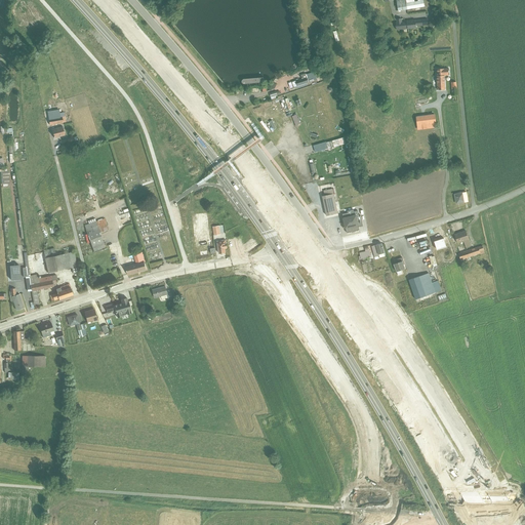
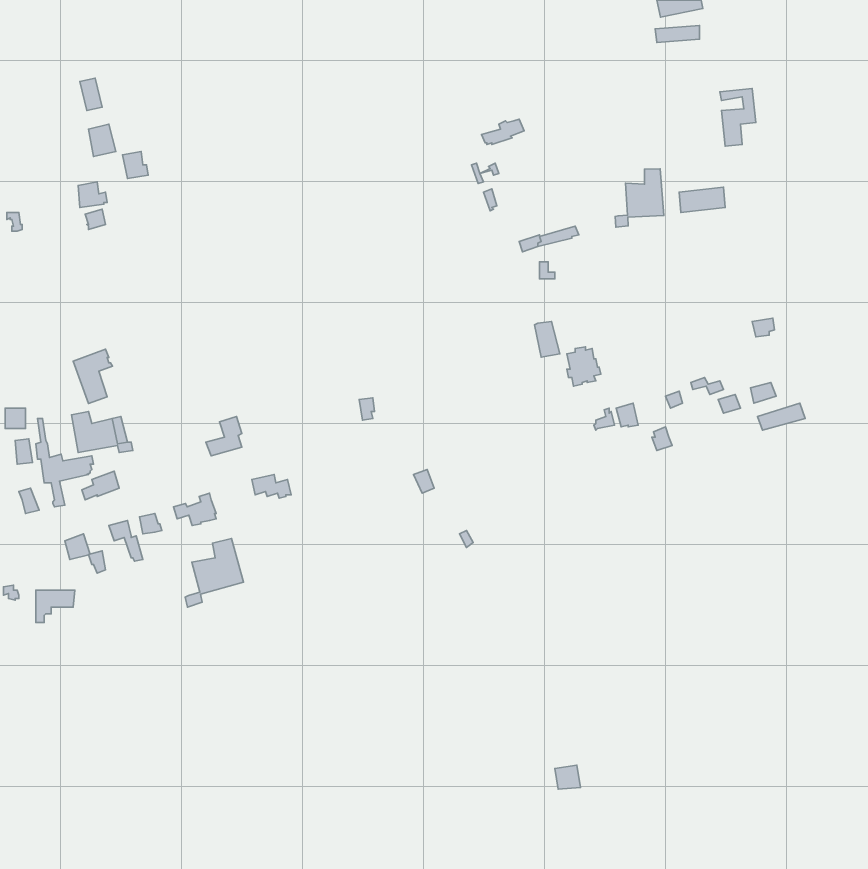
building: none -> [615,169,664,227]
building: [84,218,108,251] -> [73,349,112,404]
building: [409,272,441,299] -> none
building: none -> [185,538,244,607]

